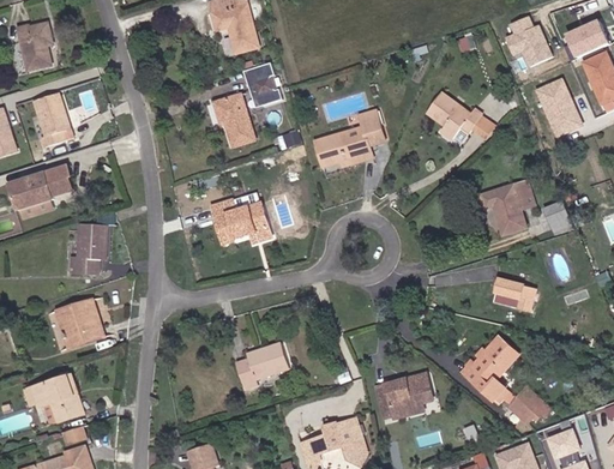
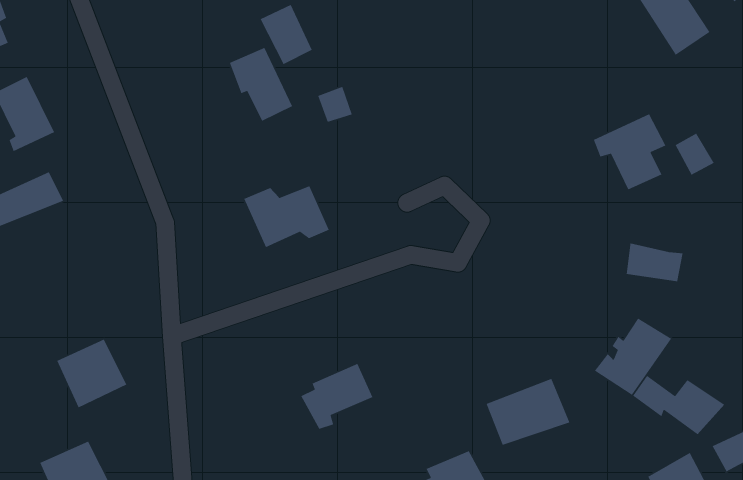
building: [425,90,496,142] -> none
building: [313,108,387,168] -> none
building: [68,222,109,276] -> none

